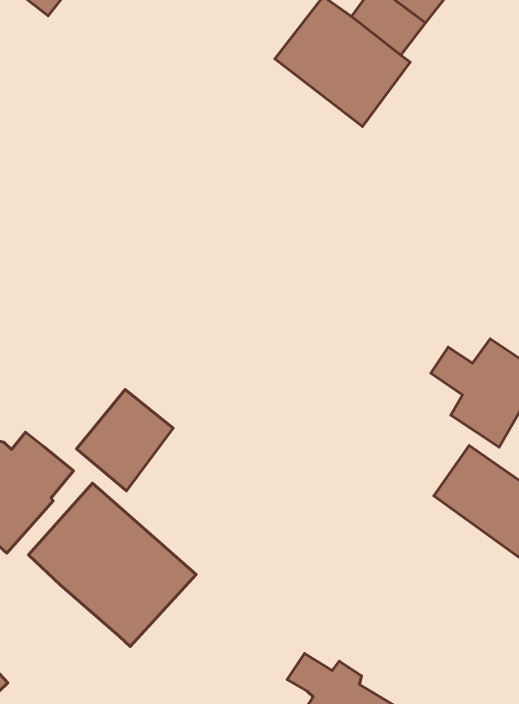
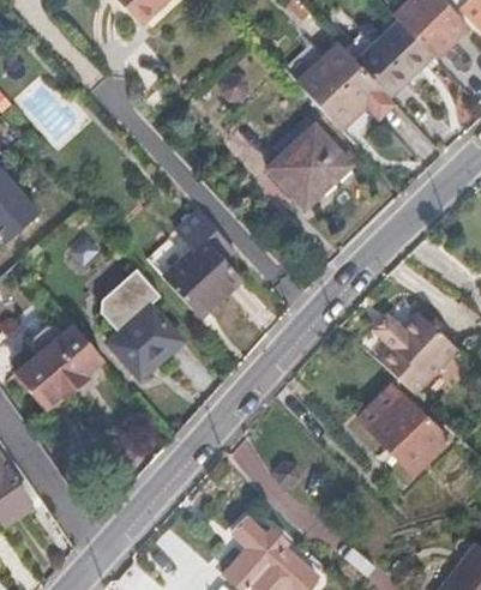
building: none -> [269,114,351,210]
building: none -> [164,207,240,315]
building: none -> [101,270,161,333]
building: [28,483,196,647] -> none

